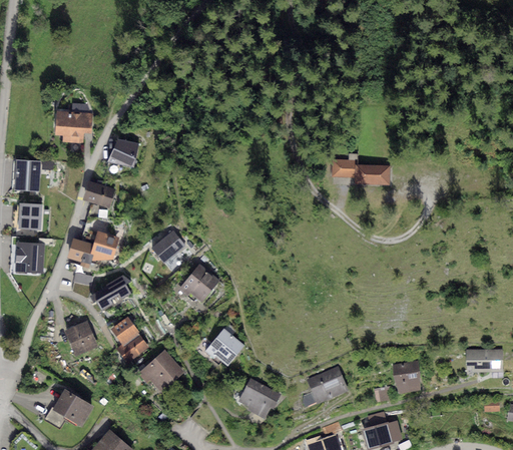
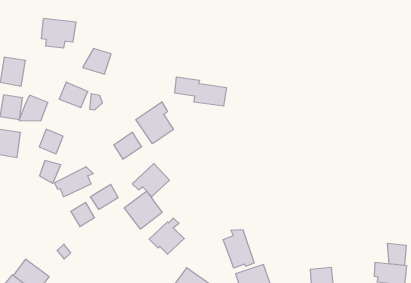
building: [332,159,391,186] -> [175,77,227,106]
building: none -> [136,102,173,144]
building: [88,232,119,262] -> [19,95,48,121]
building: [65,321,99,357] -> none
building: none -> [387,243,406,265]
building: none -> [223,230,254,268]
building: [117,333,149,363] -> [90,184,118,209]
building: [140,350,184,394] -> [124,191,162,229]

